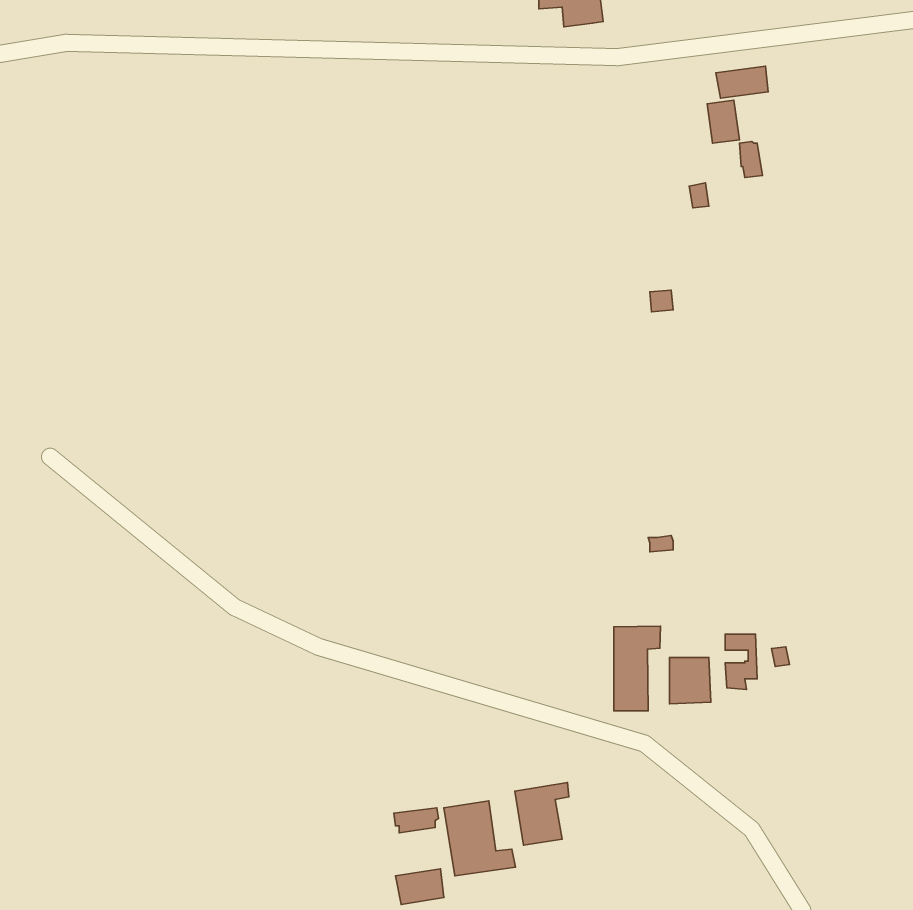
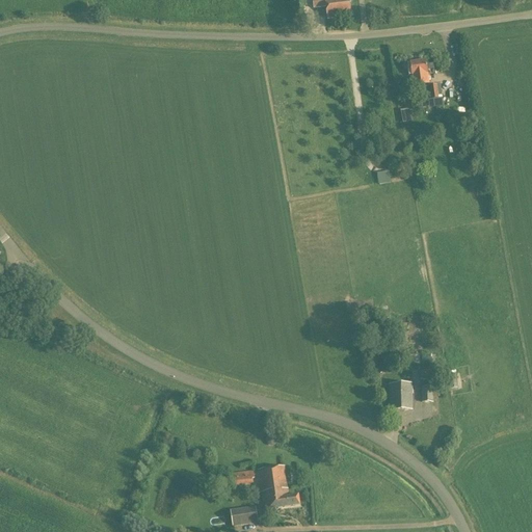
building: [716,66,768,98] -> none
building: [614,626,660,711] -> none
building: [515,782,569,845] -> none

